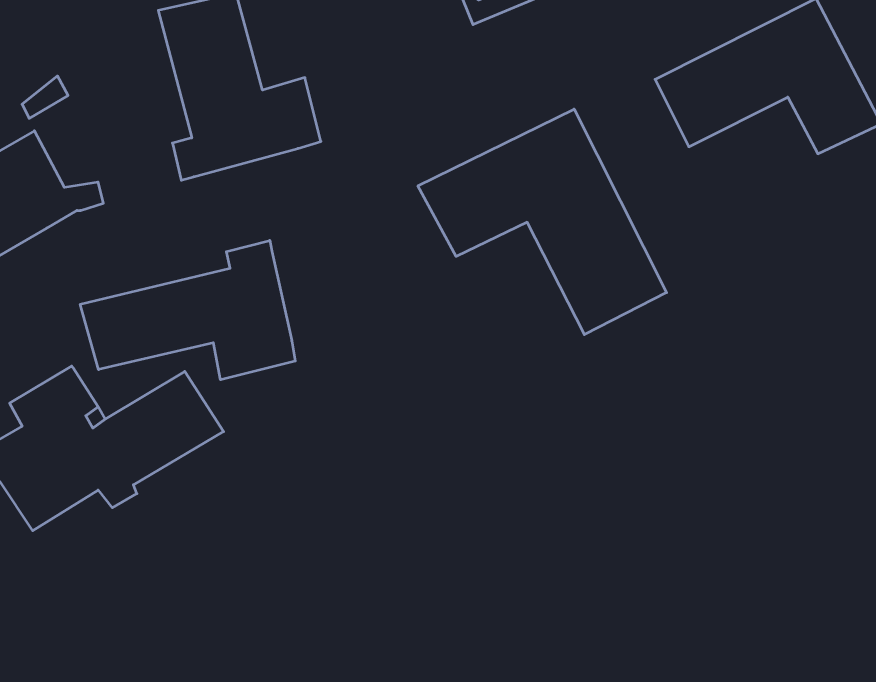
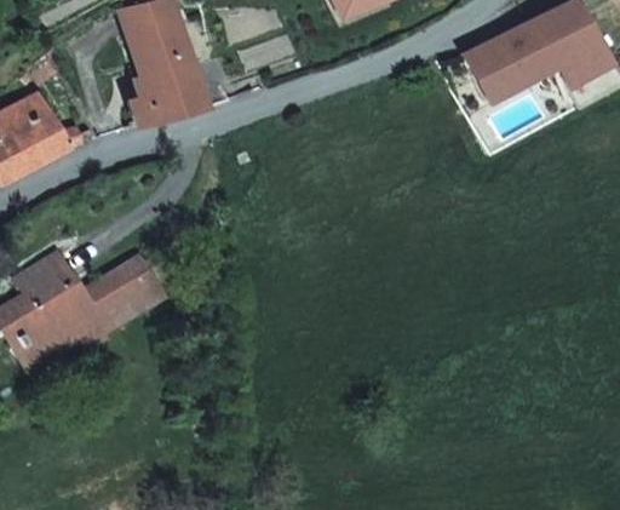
building: [418,109,667,335] -> none
building: [80,240,295,380] -> none

